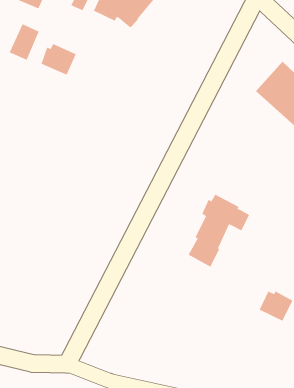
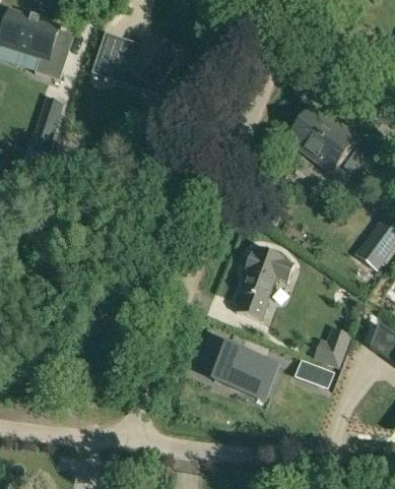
building: [41,43,76,76] -> none
building: none -> [214,345,277,390]
building: none -> [294,358,334,388]

